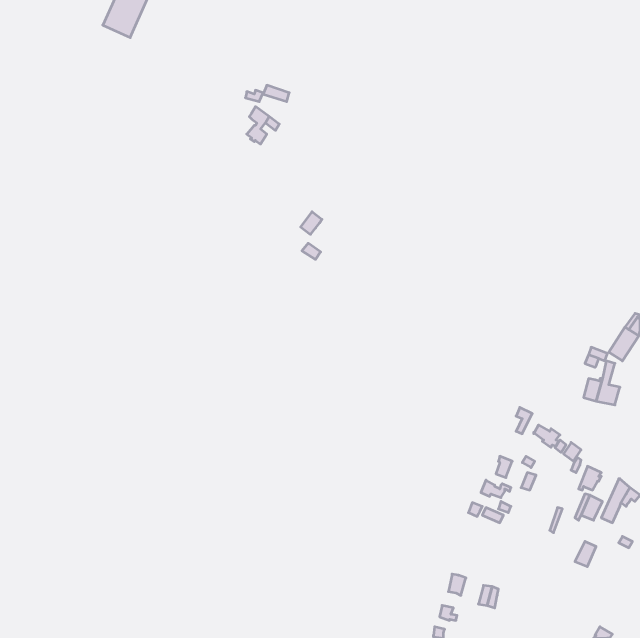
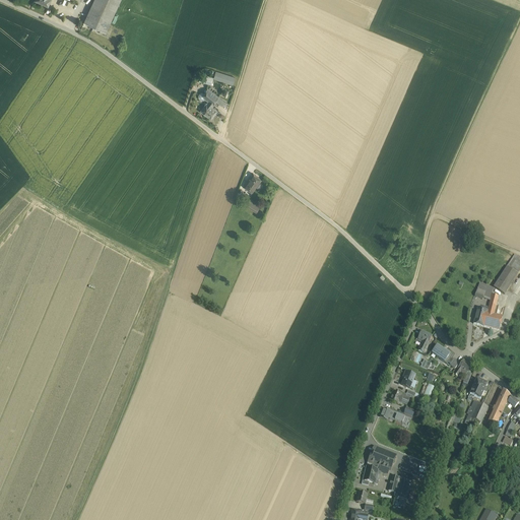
building: none -> [367,447,396,472]

